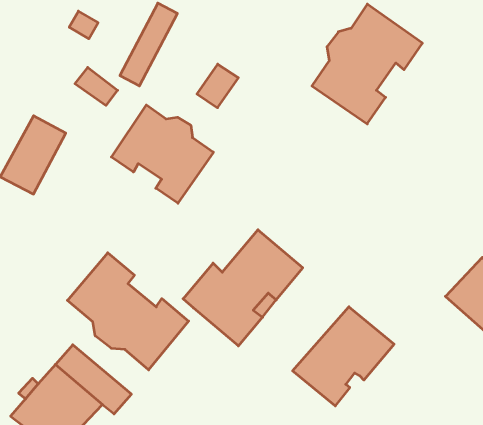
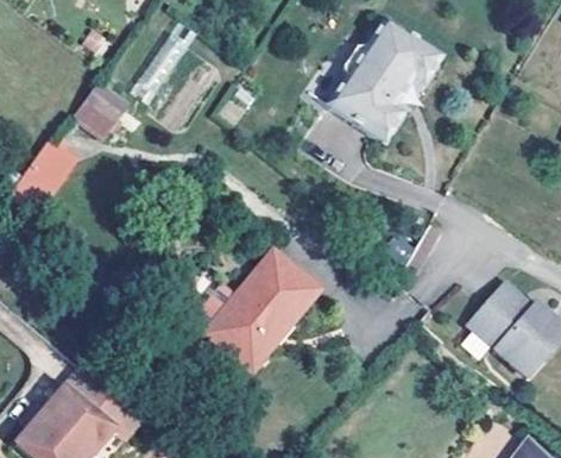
building: [111,105,213,203] -> none
building: [67,253,189,370] -> none
building: [293,307,394,406] -> none

